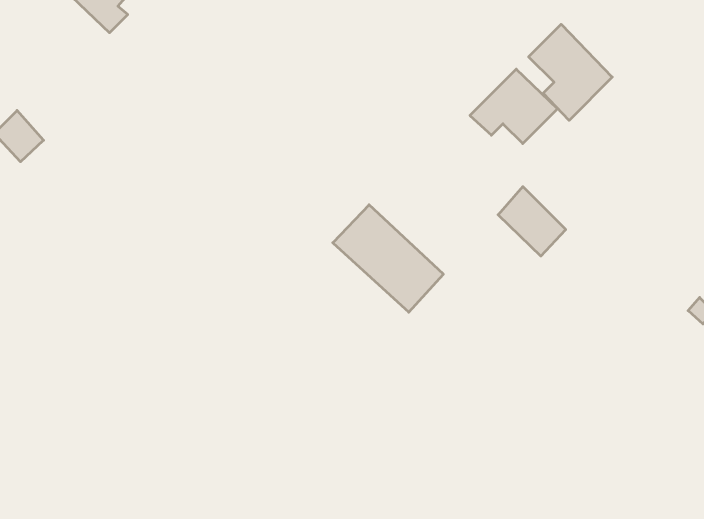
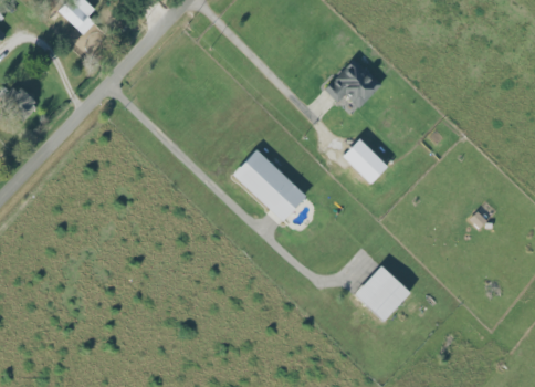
building: [529,24,612,120] -> none
building: none -> [355,265,411,322]

